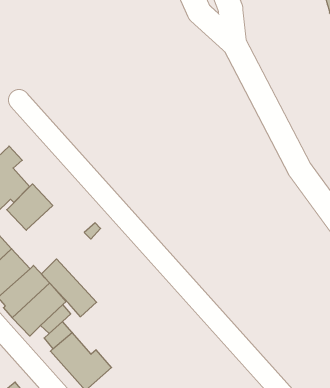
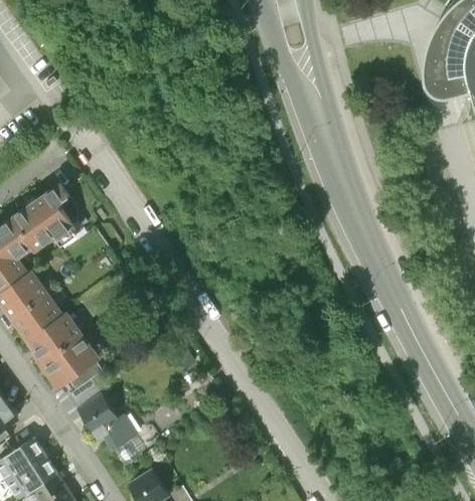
building: [7,184,53,230] -> none
building: [41,259,97,317] -> none

